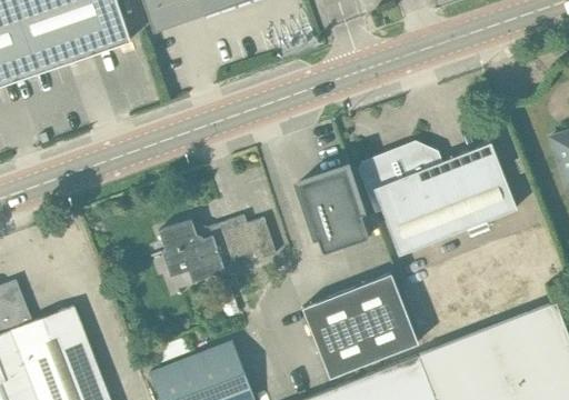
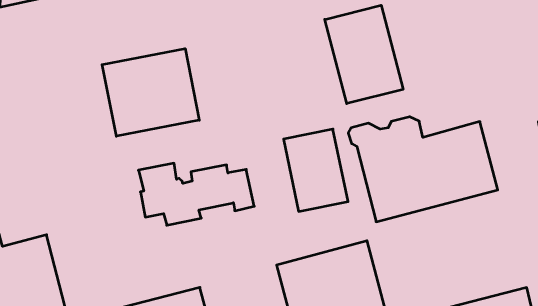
building: none -> [325,5,403,104]
building: none -> [102,49,199,136]

